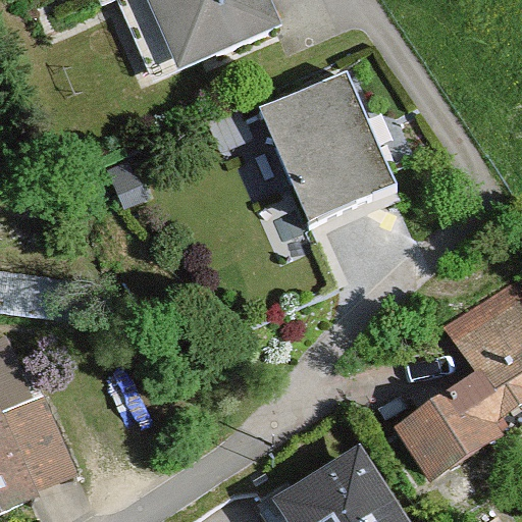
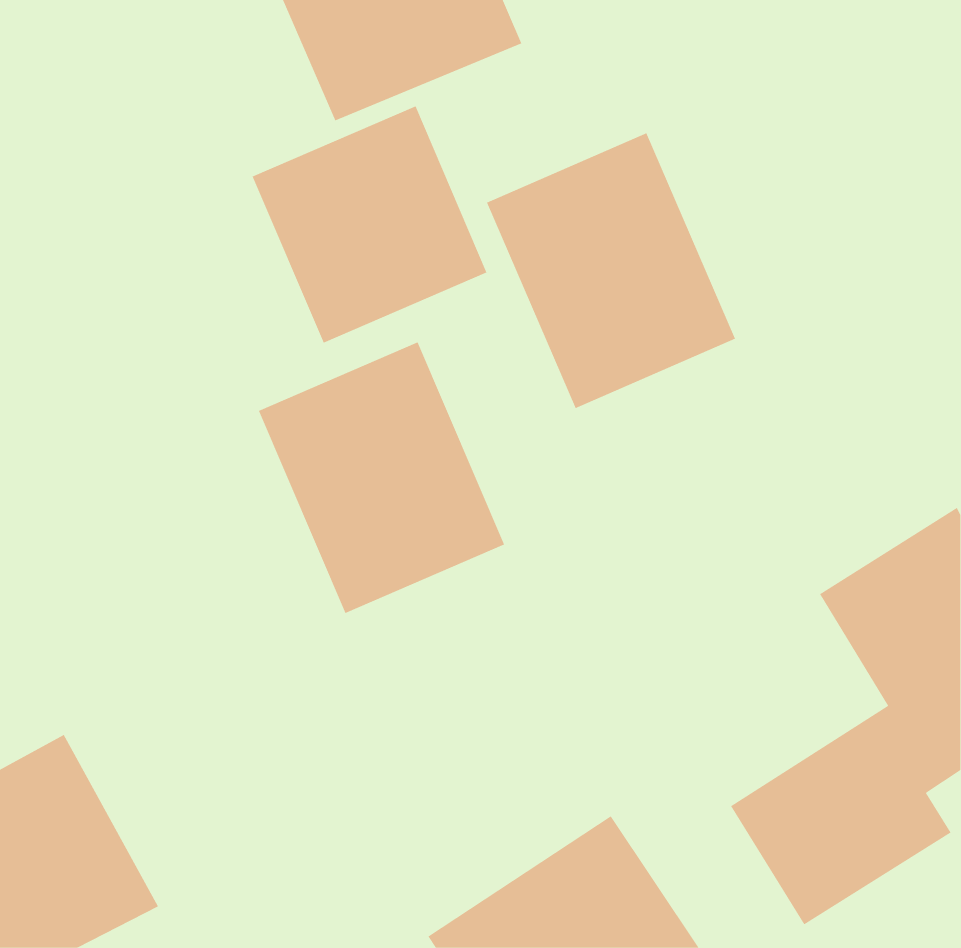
building: none -> [252,106,487,344]
building: none -> [258,342,505,614]

